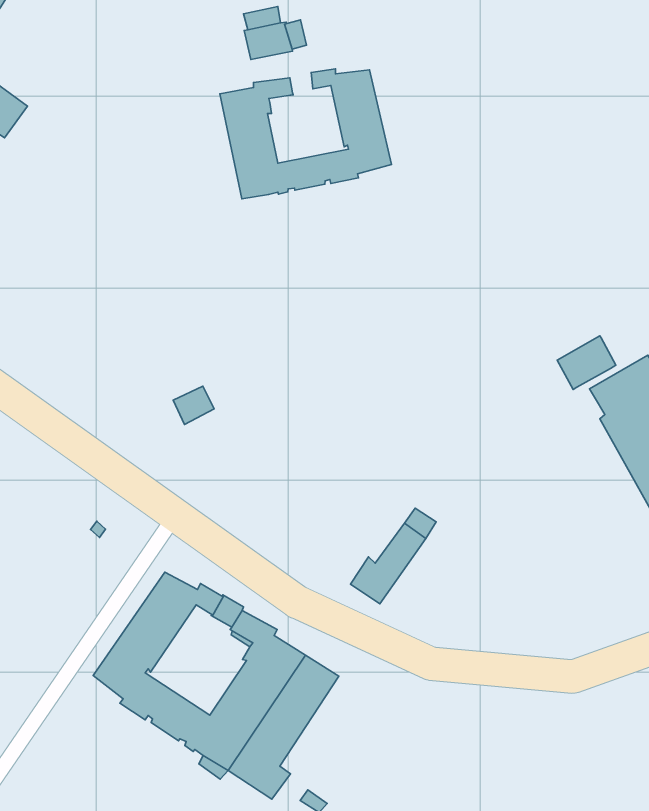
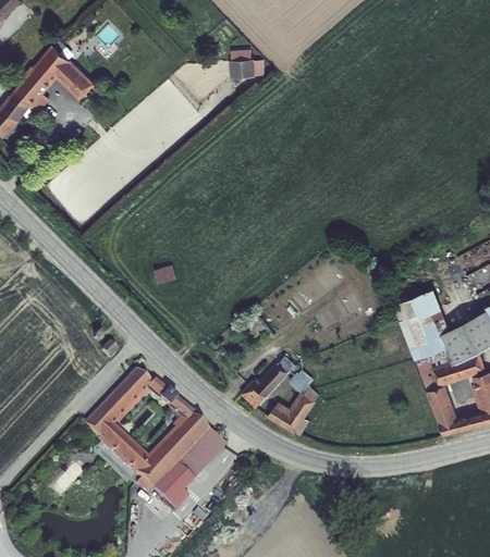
building: [220,69,392,199] -> none
building: [557,336,616,389] -> none
building: none -> [267,369,319,434]

